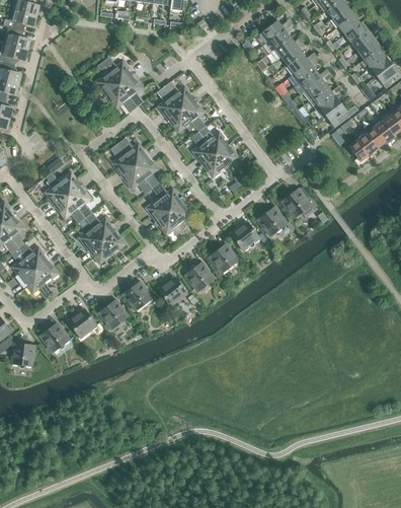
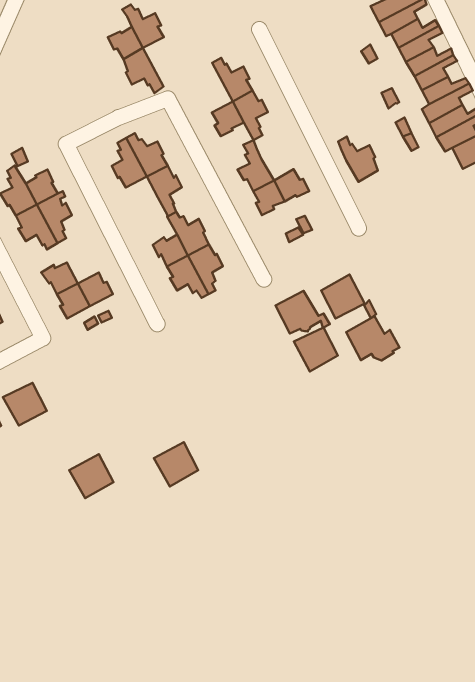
building: [118,76,143,107] -> none
building: [157,87,181,119] -> none
building: [198,128,227,155] -> [338,137,378,182]
building: [123,166,152,194] -> none
building: [282,189,317,218] -> [346,316,400,360]
building: [85,214,114,241] -> none
building: [209,244,238,274] -> [294,327,338,371]
building: [184,263,214,292] -> none
building: [157,277,186,306] -> [154,442,198,486]
building: [123,282,152,311] -> none
building: [98,300,128,330] -> [69,454,113,498]

